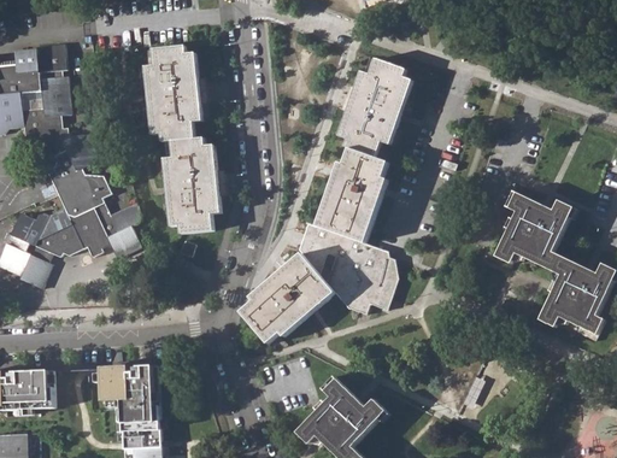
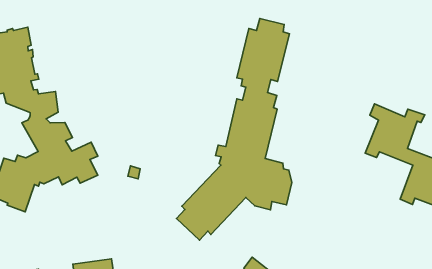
building: [147,46,218,233] -> none

